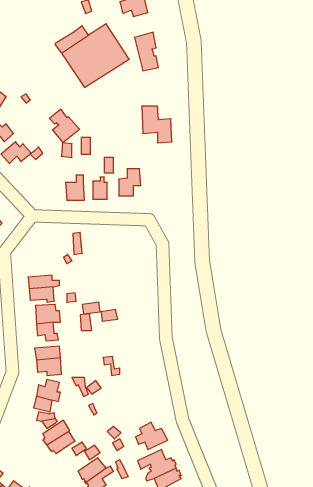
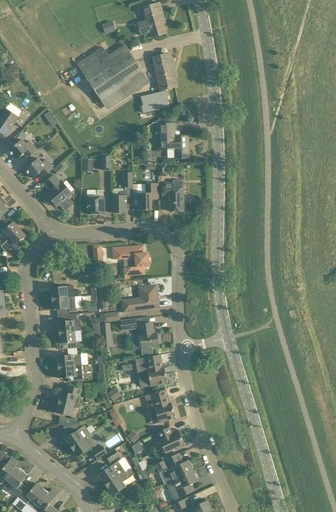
building: none -> [141,91,167,112]
building: [49,109,80,143] -> [43,174,72,206]
building: none -> [162,180,184,211]
building: none -> [112,245,149,279]
building: none -> [122,285,158,311]
building: none -> [139,322,158,347]
building: none -> [135,354,167,385]
building: none -> [143,389,175,424]

